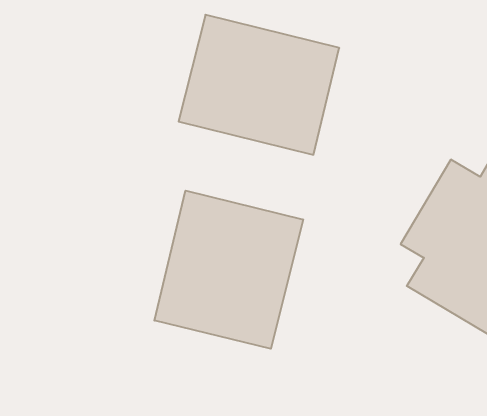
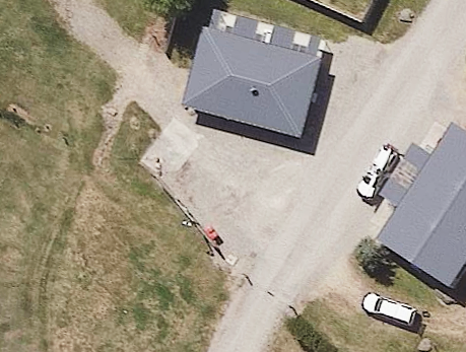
building: [154,191,303,349] -> none

